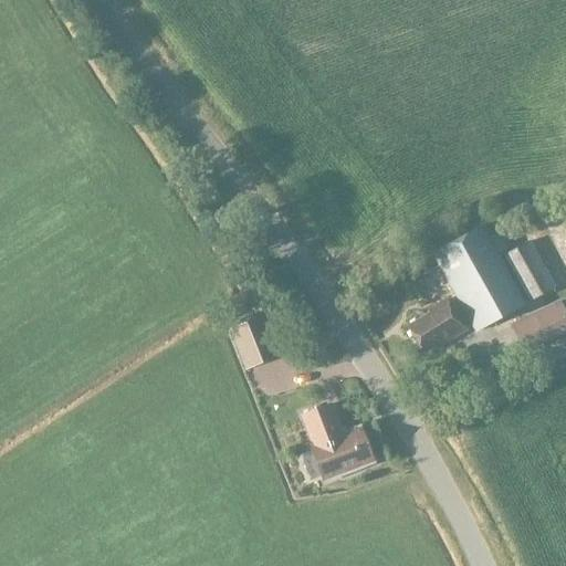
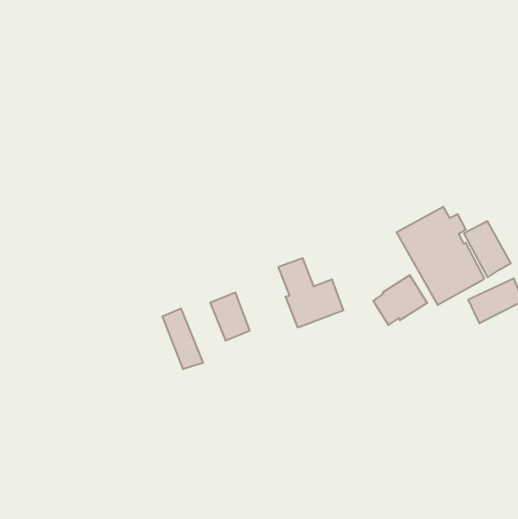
building: none -> [162,308,203,369]
building: [304,403,375,479] -> [278,258,344,327]

